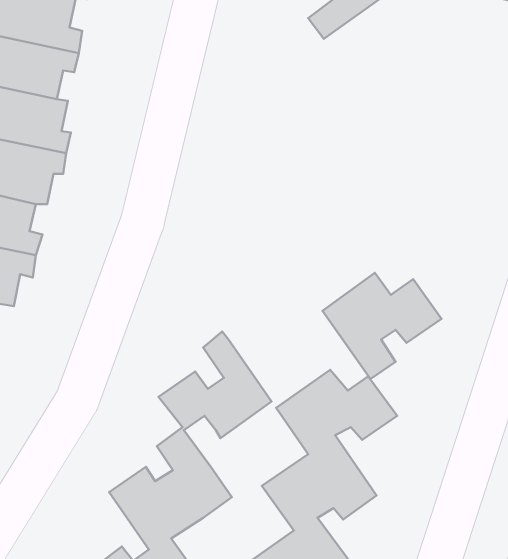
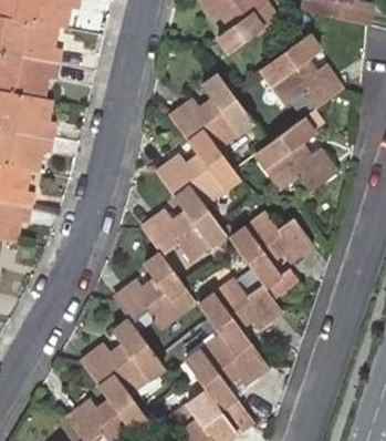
building: none -> [262,33,344,109]
building: none -> [143,74,251,258]
building: none -> [257,119,337,194]

